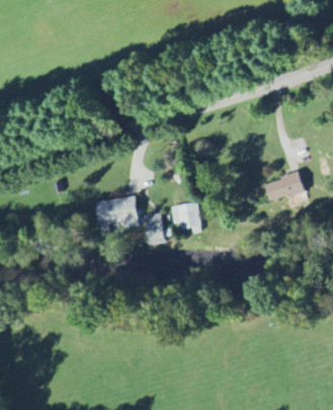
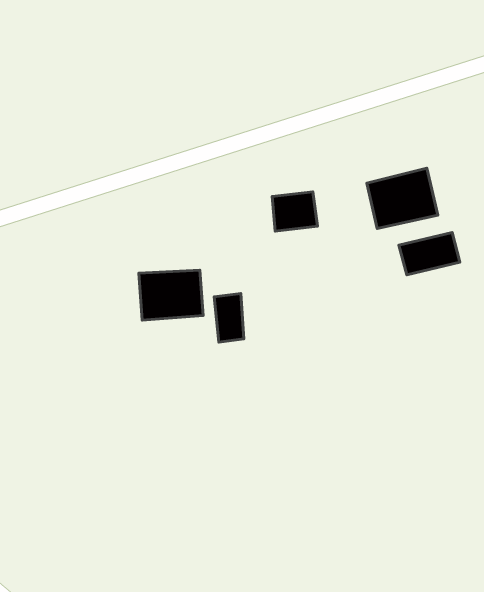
building: none -> [367,168,438,229]
building: [171,202,200,228] -> [272,192,318,231]

